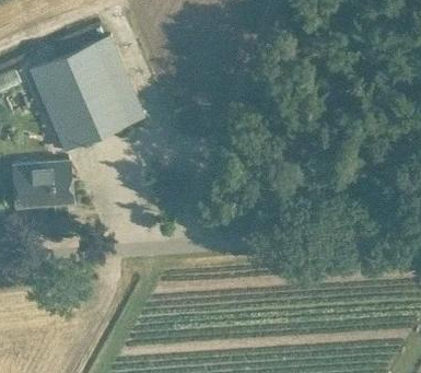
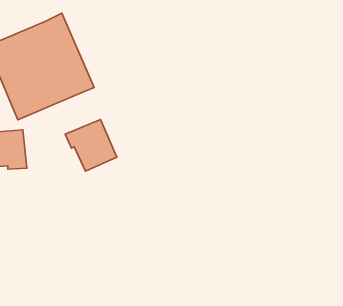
building: none -> [65,120,117,171]

